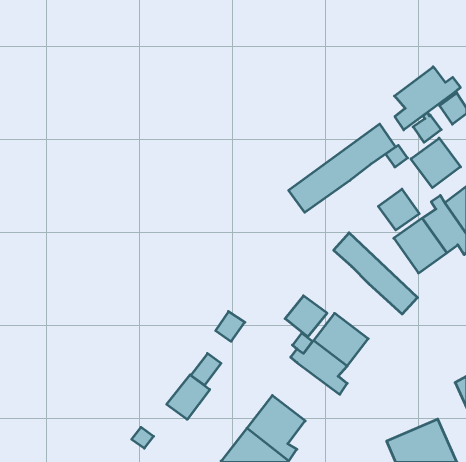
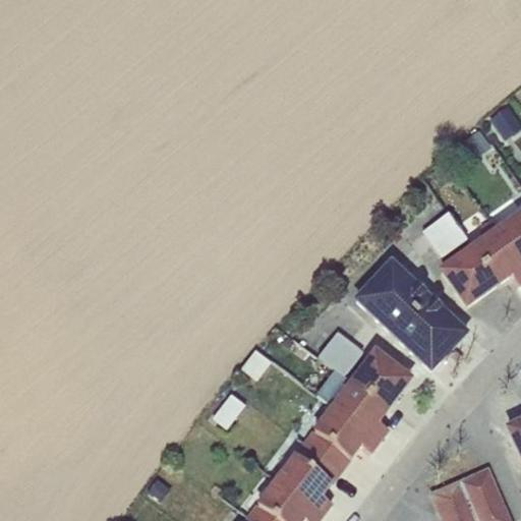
building: [394,67,460,130] -> none
building: [289,124,396,212] -> none
building: [411,138,461,188] -> none
building: none -> [354,279,449,369]
building: none -> [304,404,380,469]
building: [167,375,210,419] -> none

